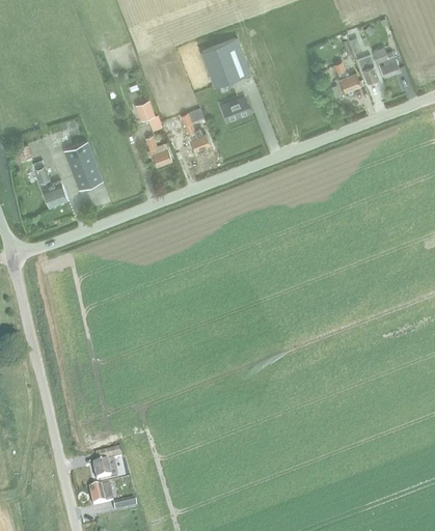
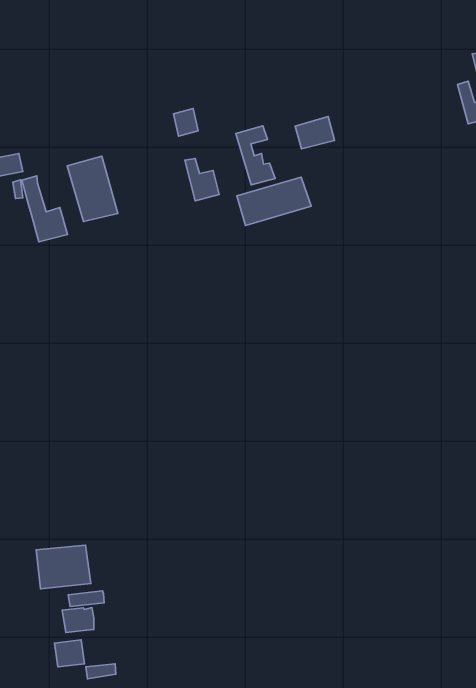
building: [201,37,250,85] -> none
building: none -> [237,177,311,226]
building: none -> [36,545,91,589]

